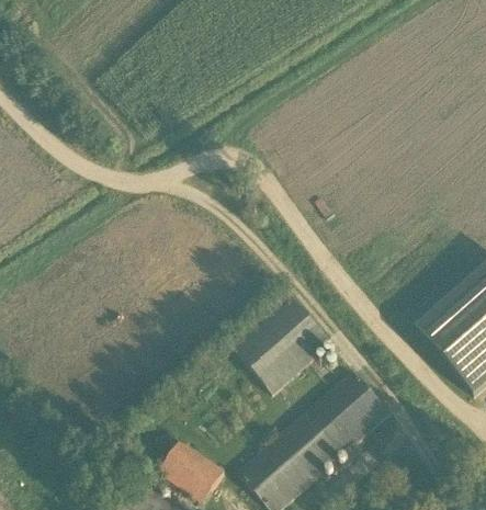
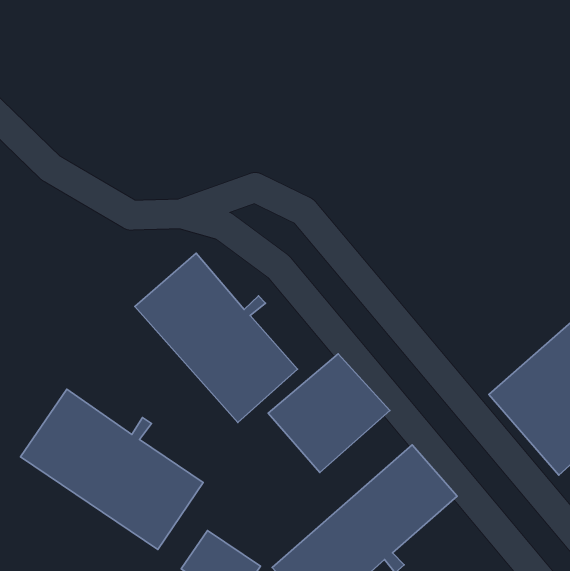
building: none -> [135,253,298,423]
building: none -> [20,389,203,550]

